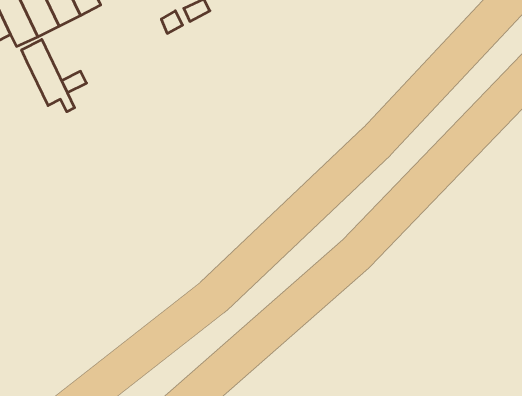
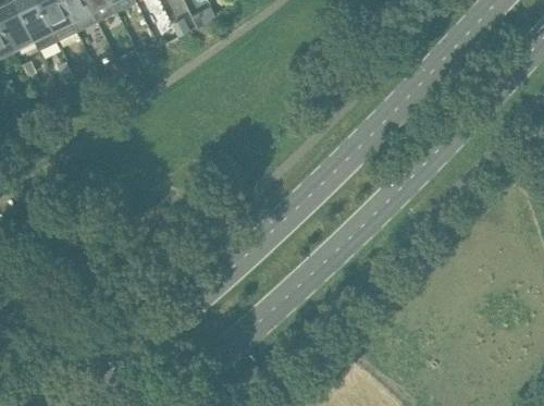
building: [22,39,75,112] -> none

